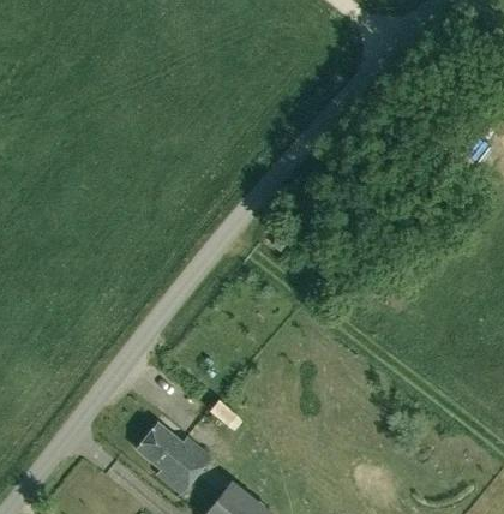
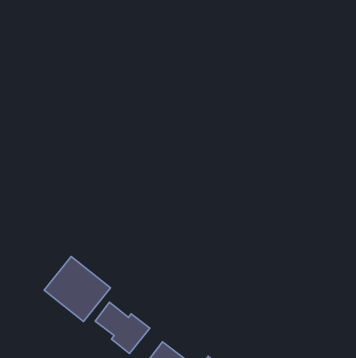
building: none -> [44,256,111,322]

